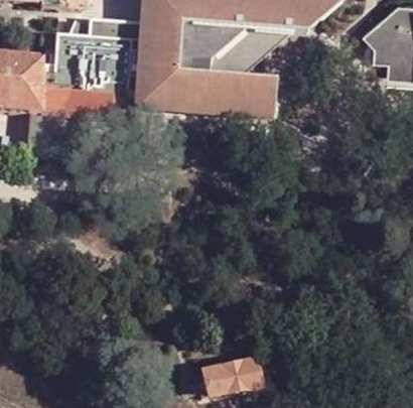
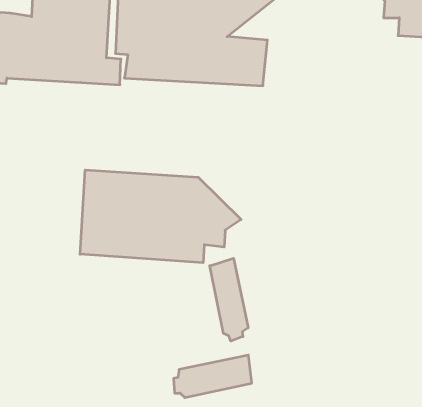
building: none -> [80,170,241,263]
building: none -> [210,258,248,341]

